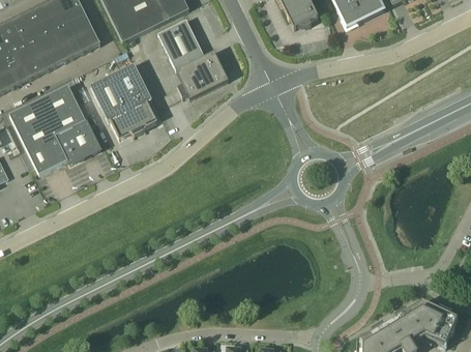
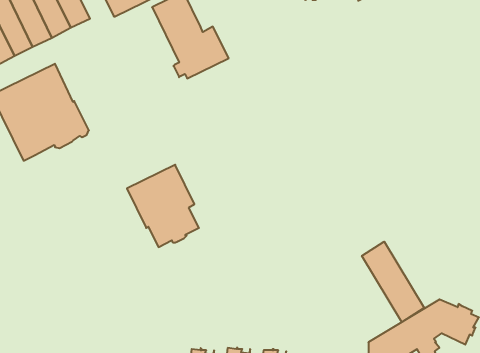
building: [90,63,156,139] -> [127,165,199,247]
building: none -> [362,242,424,322]

